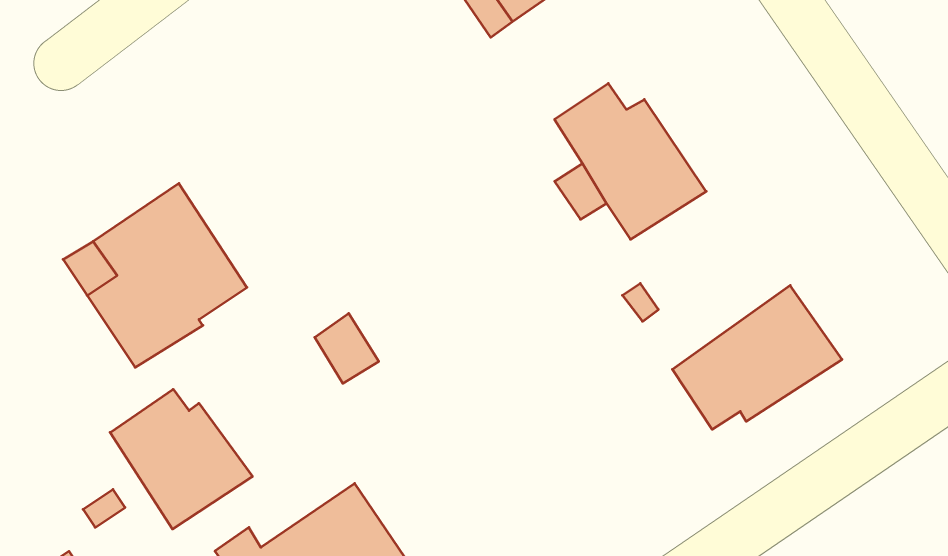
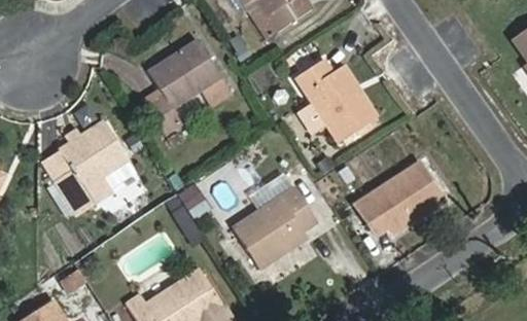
building: none -> [140,33,231,134]
building: none -> [234,187,319,272]
building: [110,389,252,529] -> none

